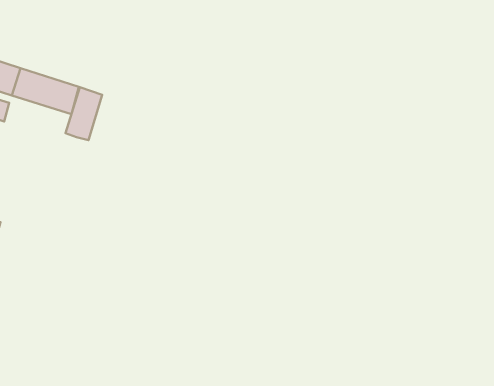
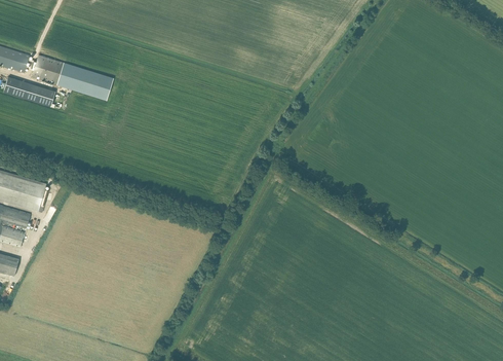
building: [65,87,102,140] -> none

